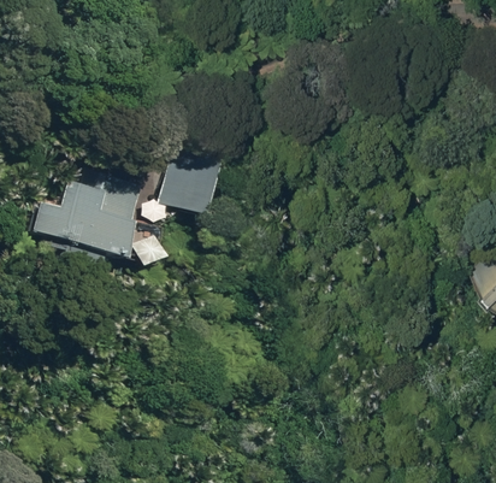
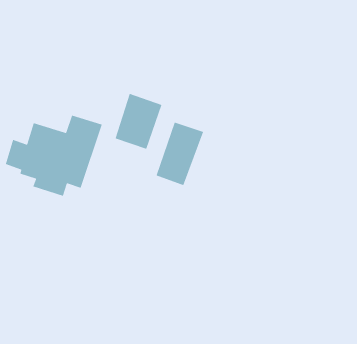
building: none -> [155,121,204,186]

